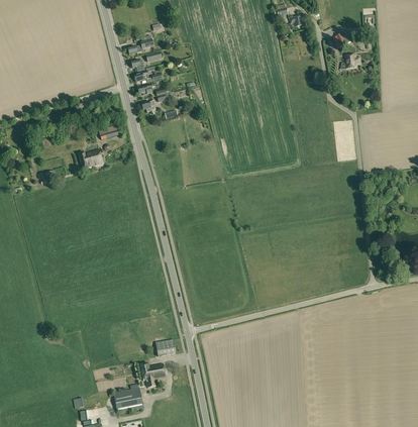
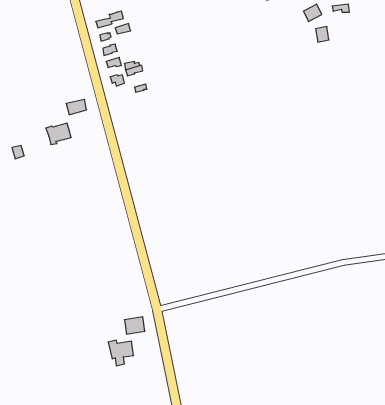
building: [113,388,143,414] -> none

